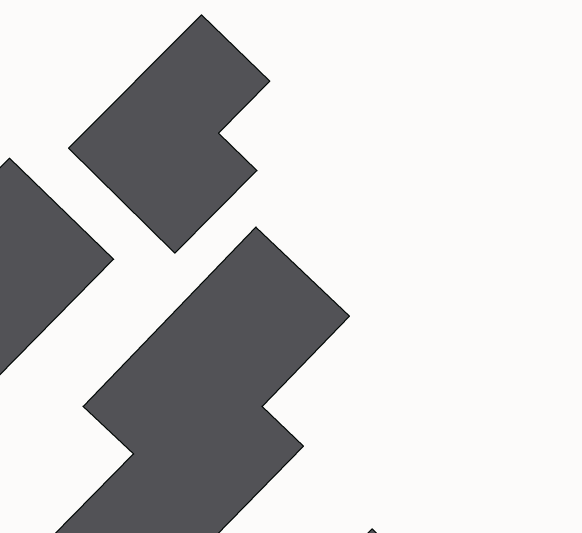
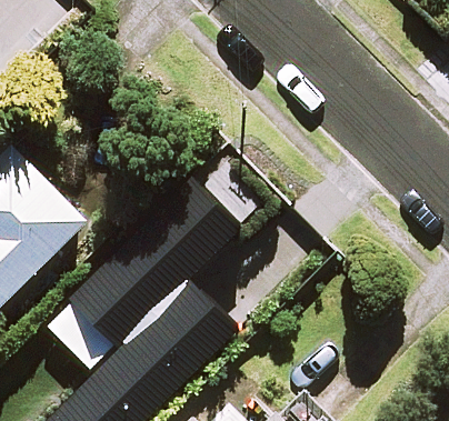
building: [69,15,270,253] -> none

